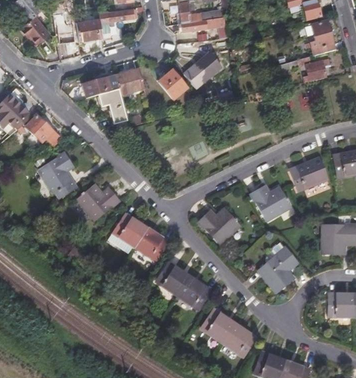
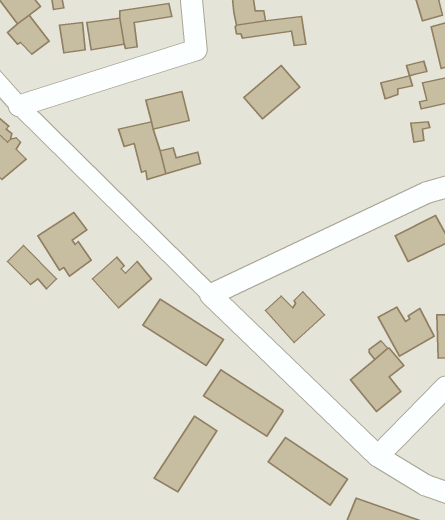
building: [159,71,186,99] -> none
building: [83,74,120,99] -> none
building: [24,115,58,145] -> [8,246,57,289]
building: [250,186,289,220] -> [378,307,434,356]
building: none -> [154,416,217,492]

